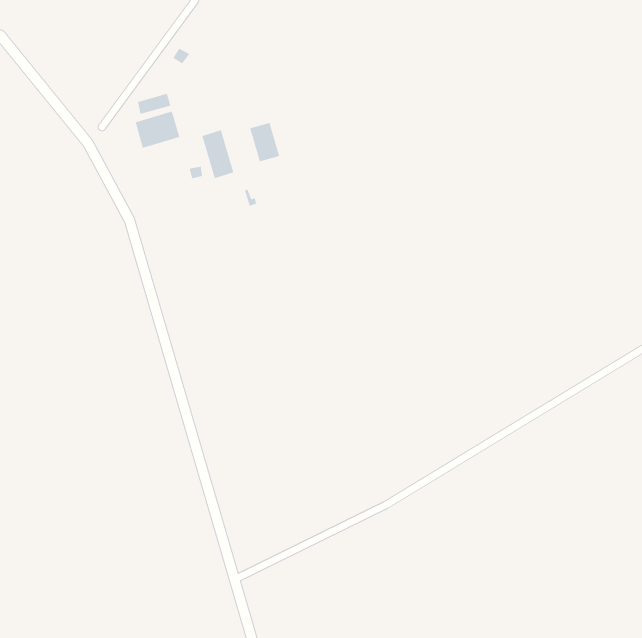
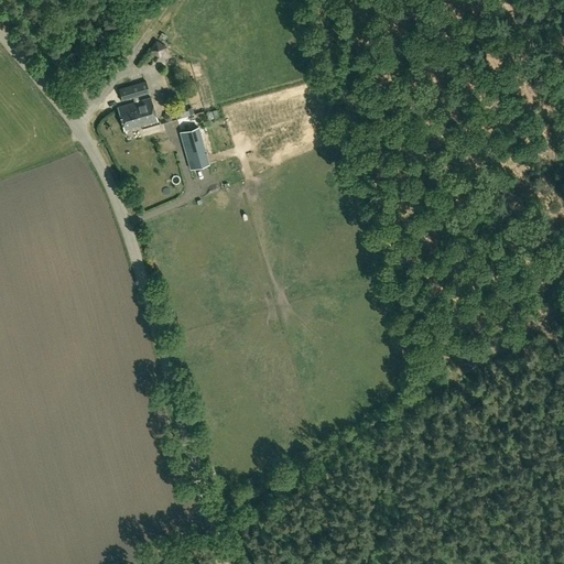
building: [249,122,280,162] -> none

